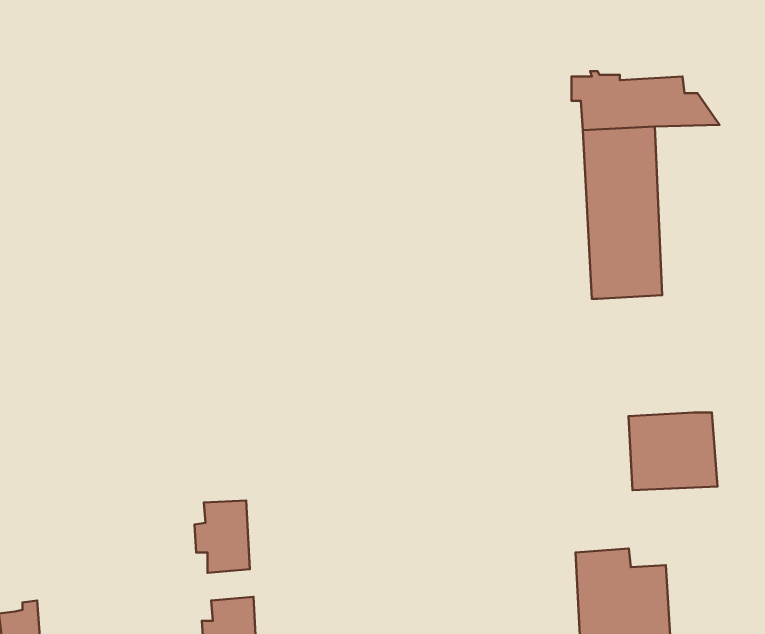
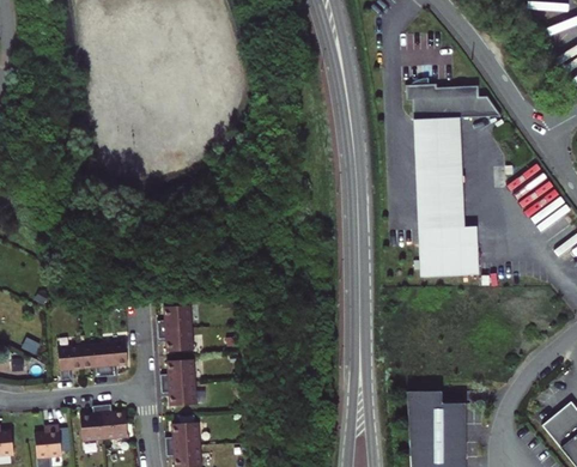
building: [629,413,717,490] -> [421,226,479,277]
building: none -> [157,305,193,352]
building: none -> [57,341,127,381]
building: none -> [80,404,127,441]

